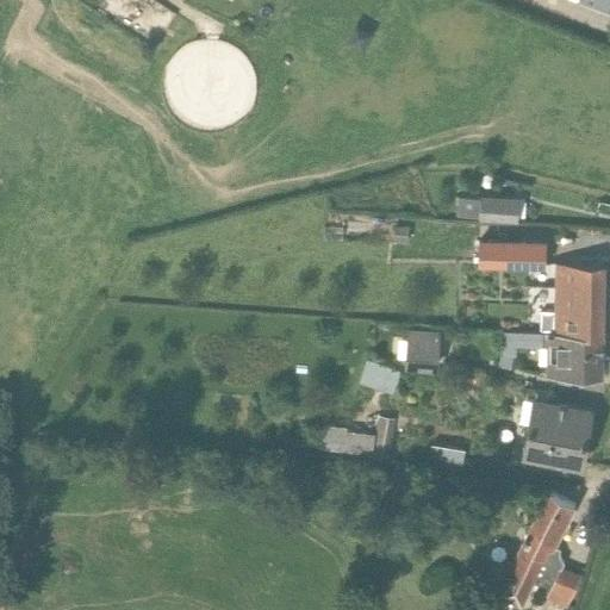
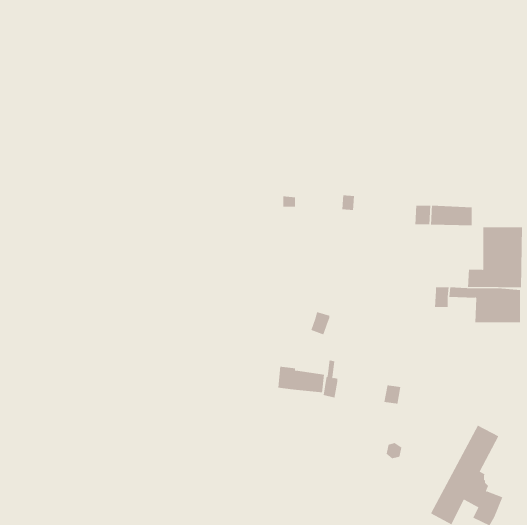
building: [459,198,519,223] -> none
building: [407,334,438,368] -> none
building: [524,402,592,466] -> none

